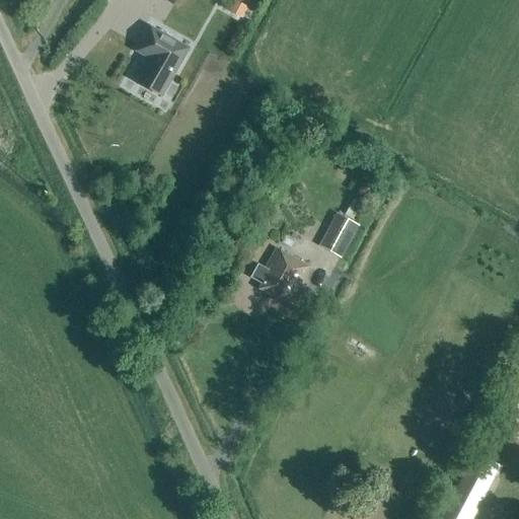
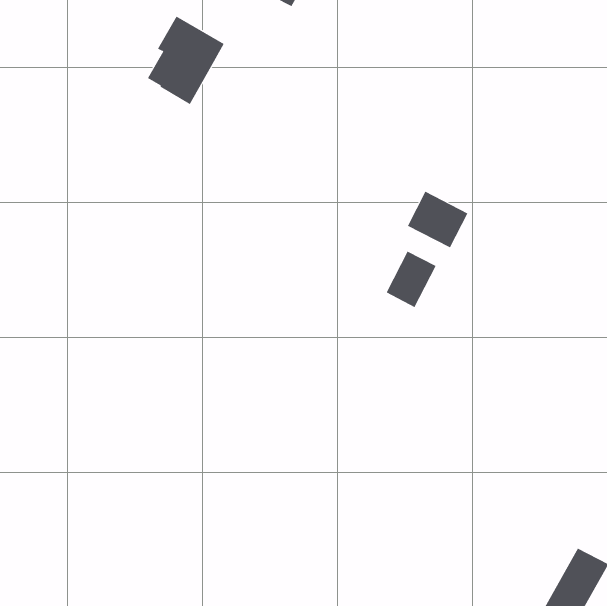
building: none -> [407,191,468,248]
building: [260,248,309,304] -> none

